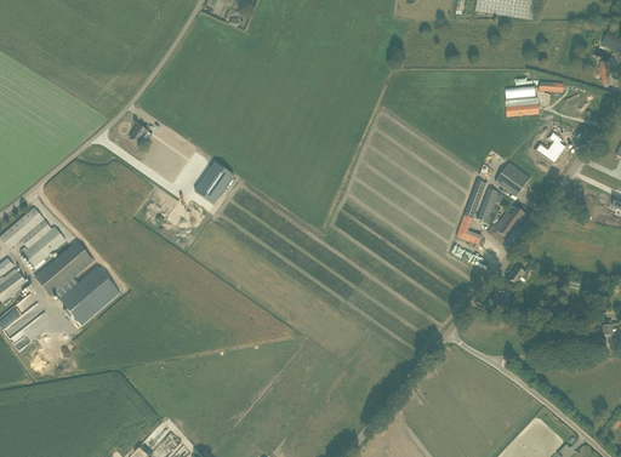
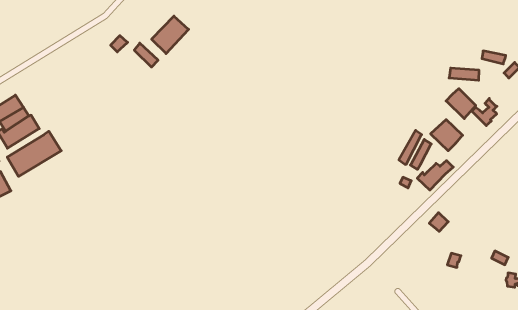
building: none -> [446,89,476,119]
building: [194,161,233,204] -> [152,16,189,54]
building: [58,265,119,324] -> none

